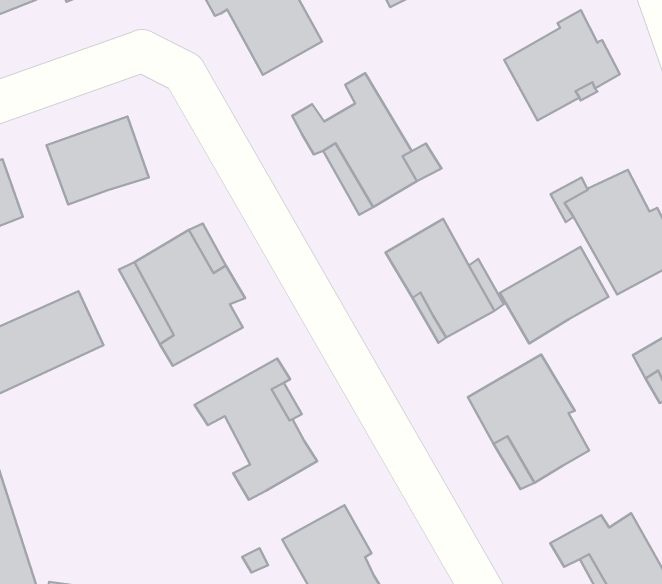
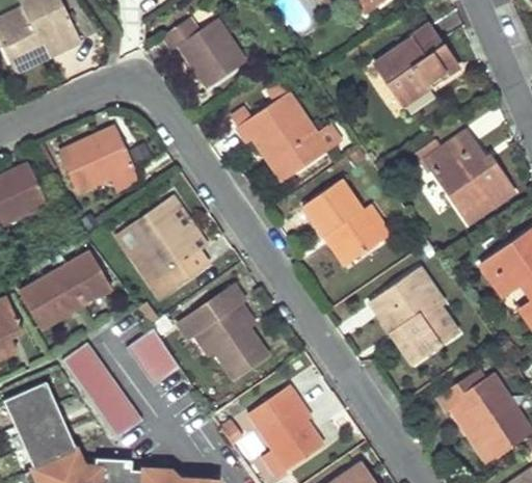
building: [500,247,608,344] -> none
building: none -> [125,327,179,385]
building: none -> [62,343,141,437]

